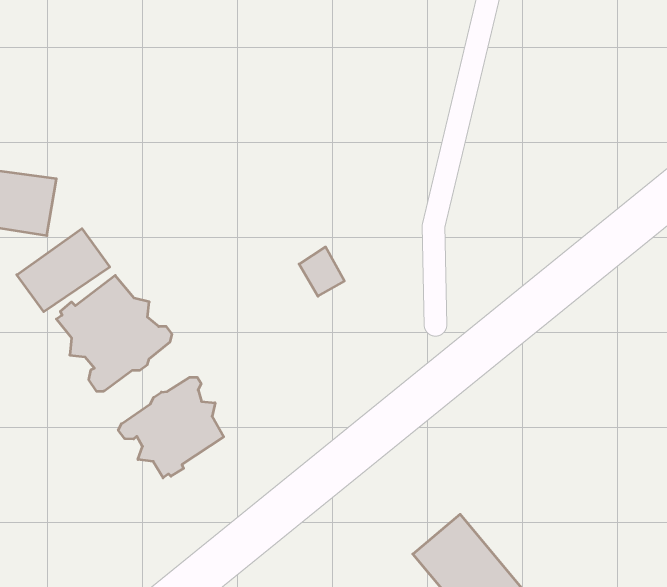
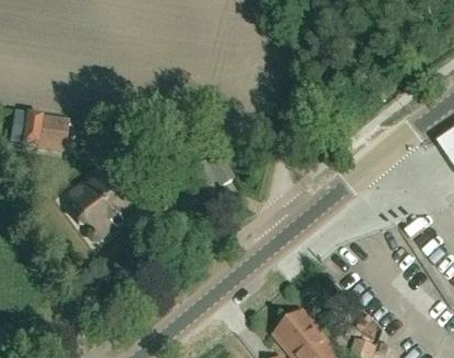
building: [17,229,110,312] -> none
building: [118,377,224,478] -> none

